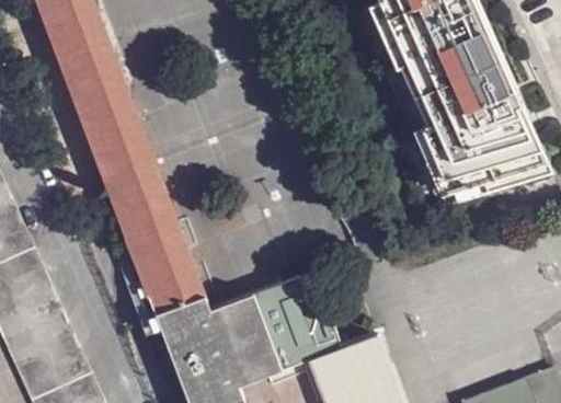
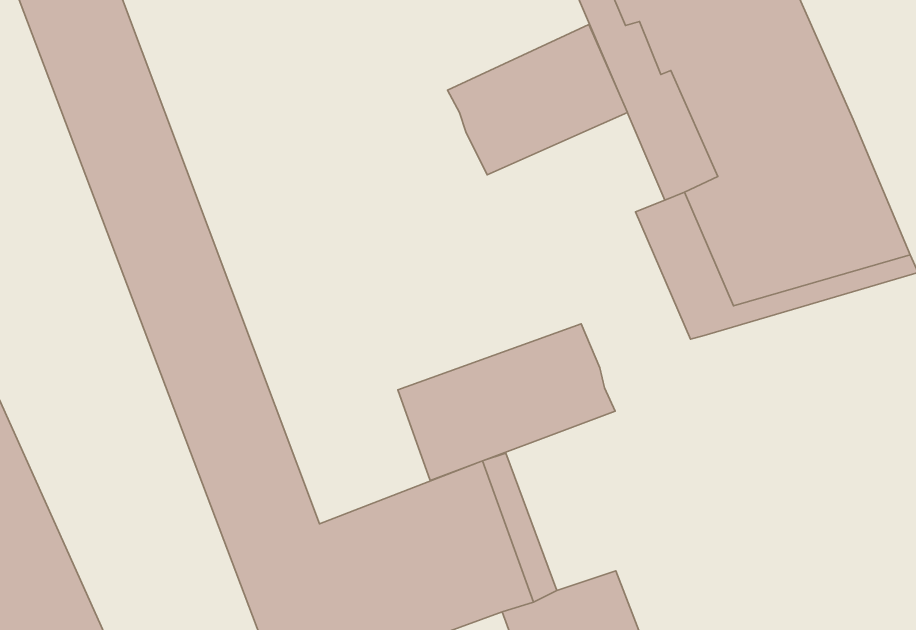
building: none -> [448,25,627,175]
building: none -> [398,324,615,481]

